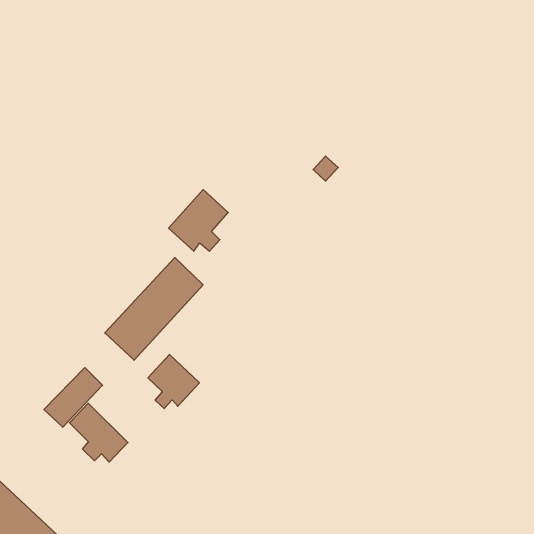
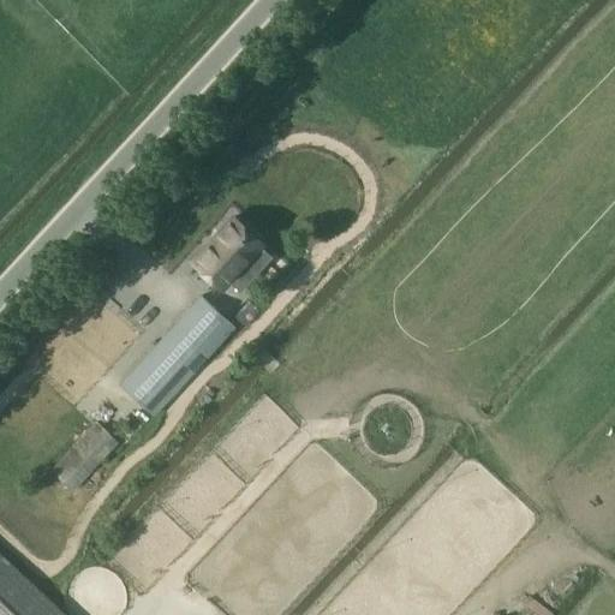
building: [148,354,199,409] -> none
building: [69,403,128,462] -> none

